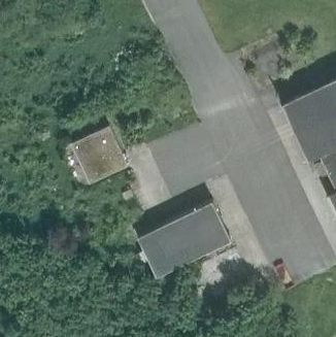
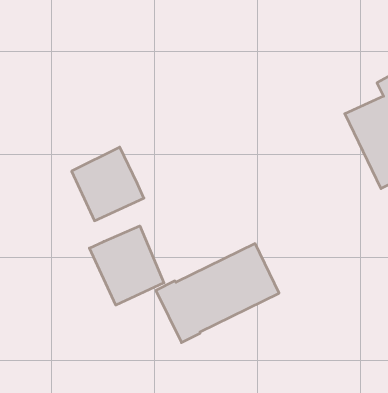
building: none -> [89,226,164,305]

